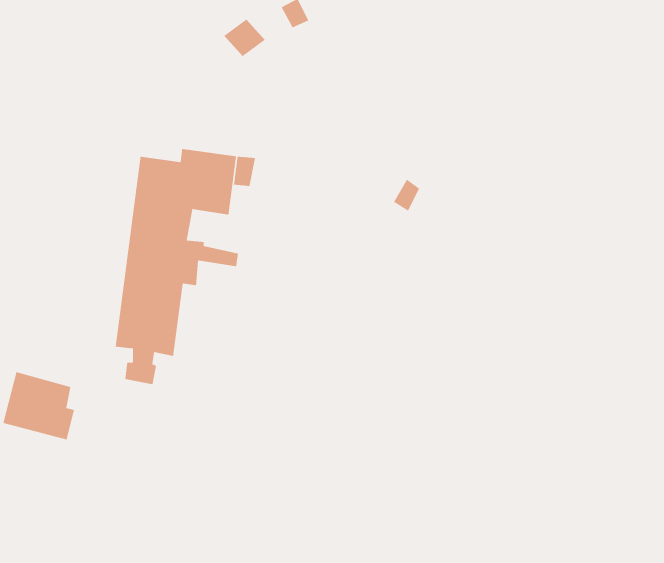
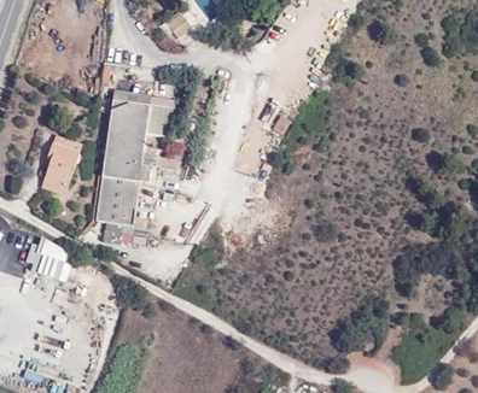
building: none -> [41,143,78,195]

